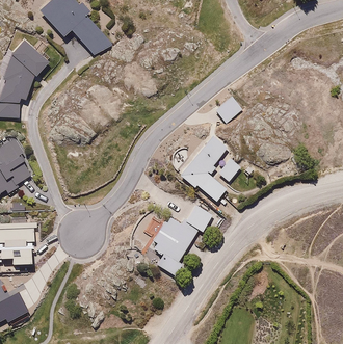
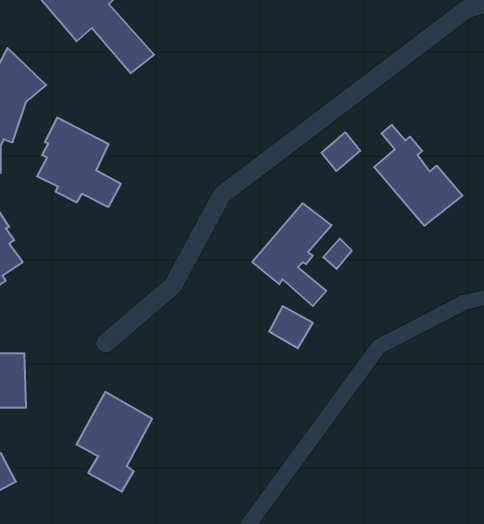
building: none -> [37,117,121,207]
building: none -> [374,125,463,226]
building: [148,210,194,271] -> [76,392,152,492]

